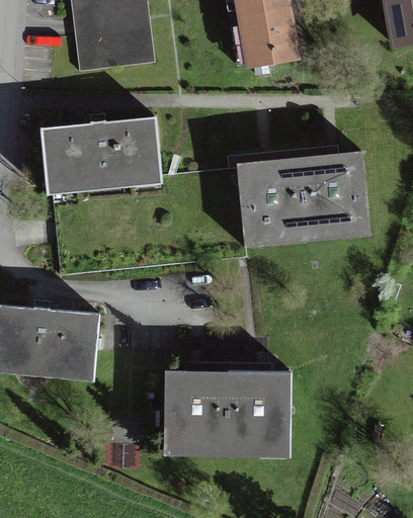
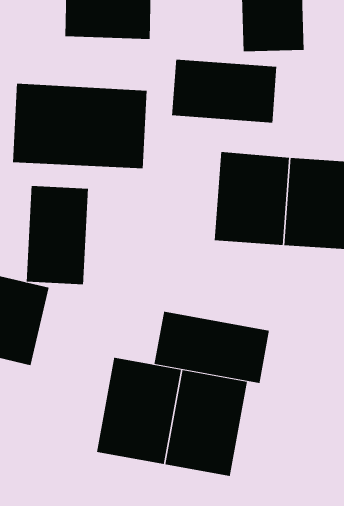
building: none -> [172,59,277,123]
building: none -> [26,185,88,285]
building: none -> [154,311,270,384]

